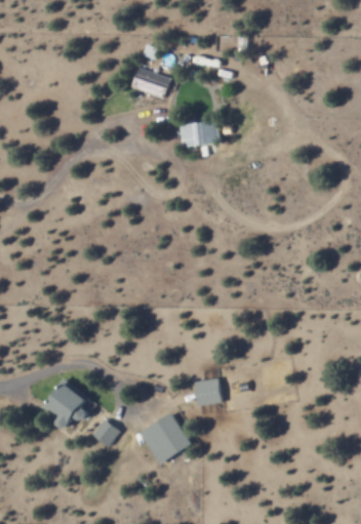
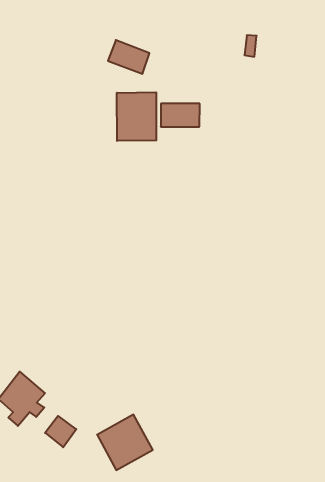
building: none -> [117,92,156,141]
building: [194,378,219,405] -> none

